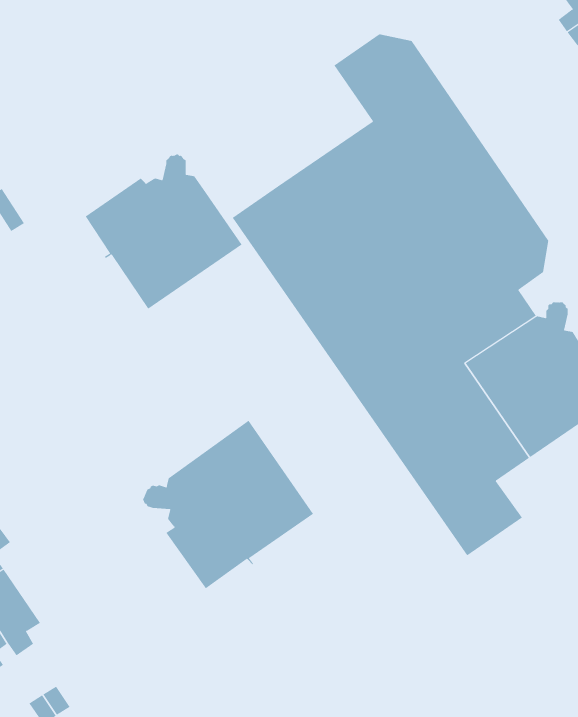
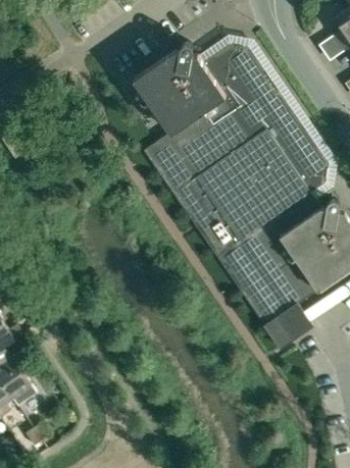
building: [85,153,242,309] -> [134,41,226,132]
building: [142,420,314,589] -> none

